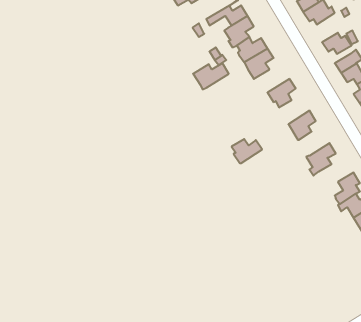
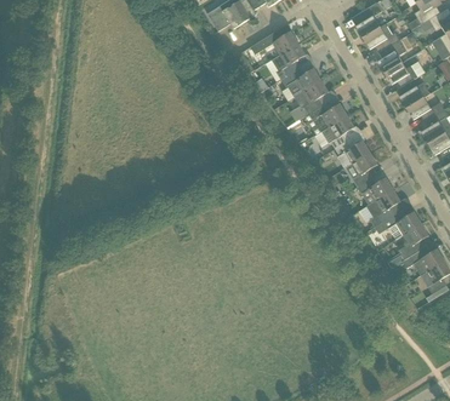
building: none -> [377,39,406,73]
building: [193,63,229,89] -> [306,103,347,133]
building: none -> [358,176,393,204]
building: [232,139,262,163] -> [335,139,370,167]
building: none -> [381,211,421,239]

